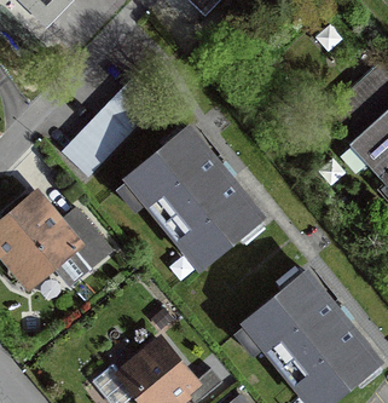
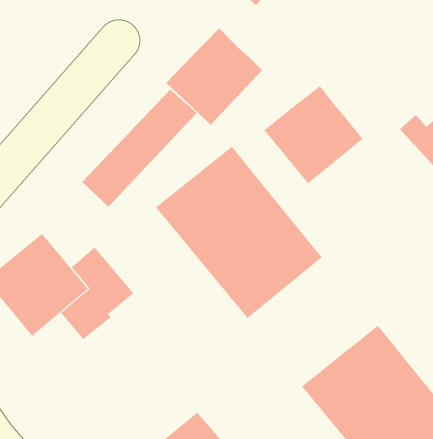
building: none -> [166,28,263,125]
building: none -> [263,85,363,184]

